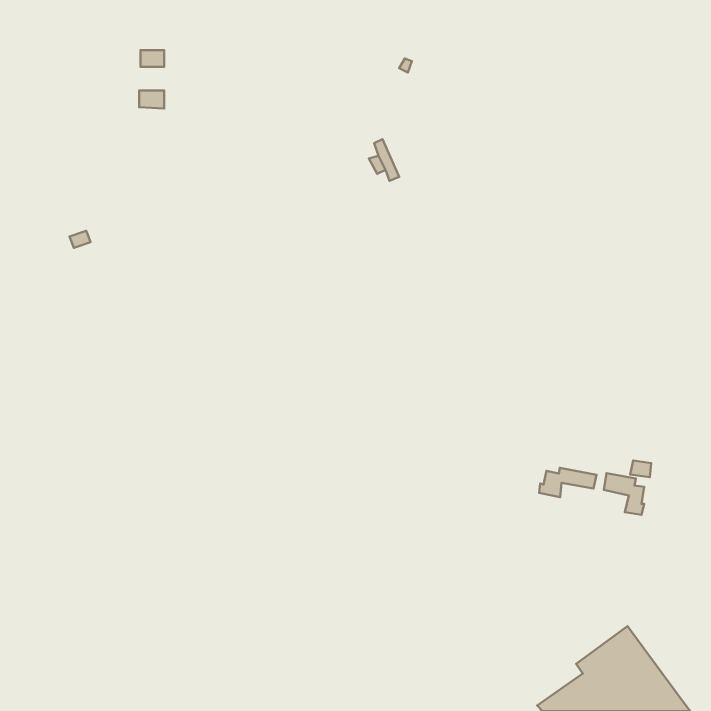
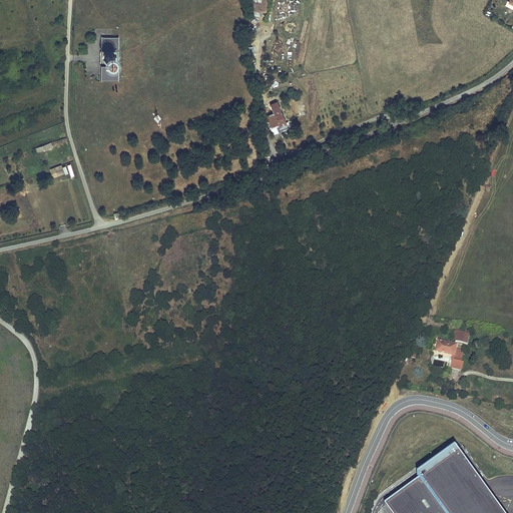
building: [539,468,597,497] -> none

